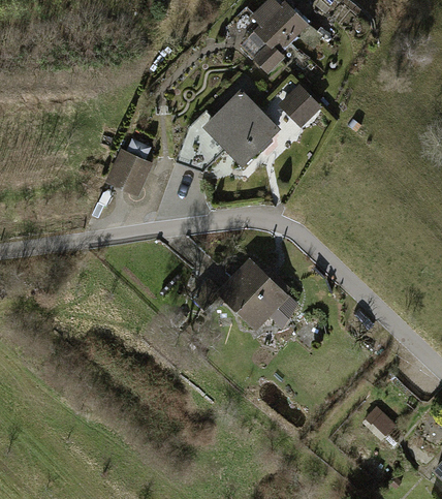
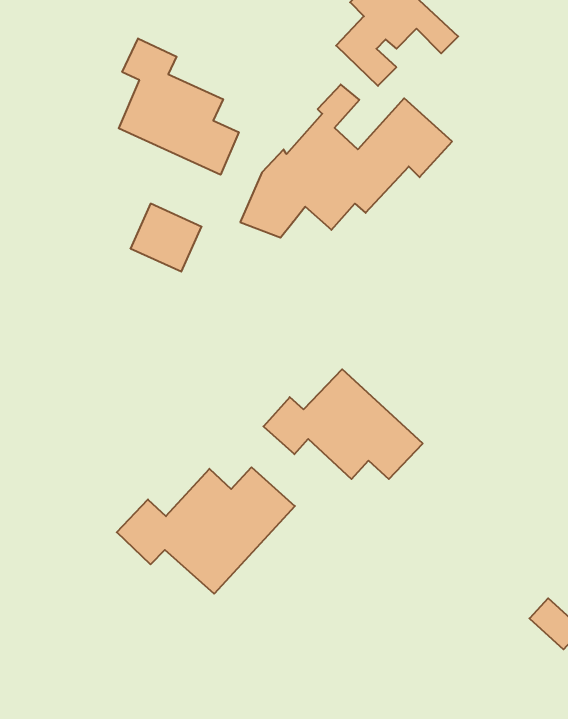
building: none -> [119,38,239,175]
building: none -> [117,467,295,594]

